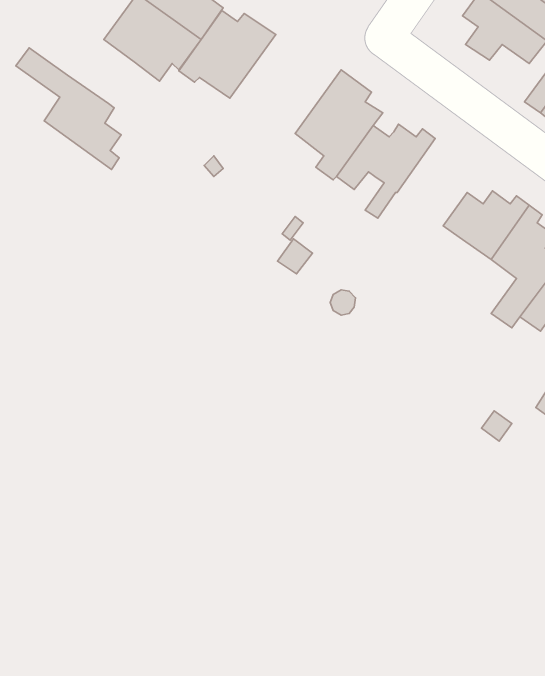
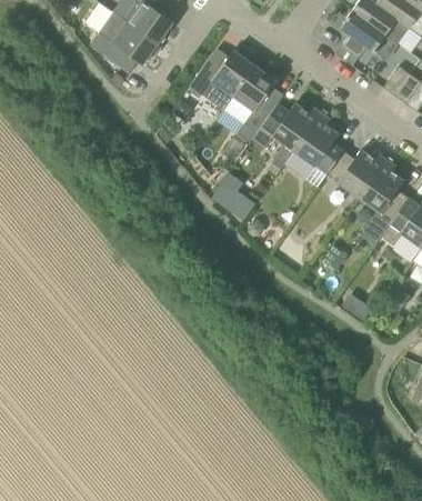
building: [179,10,276,98] -> [188,49,255,110]
building: [16,48,121,170] -> none
building: none -> [294,113,343,174]

